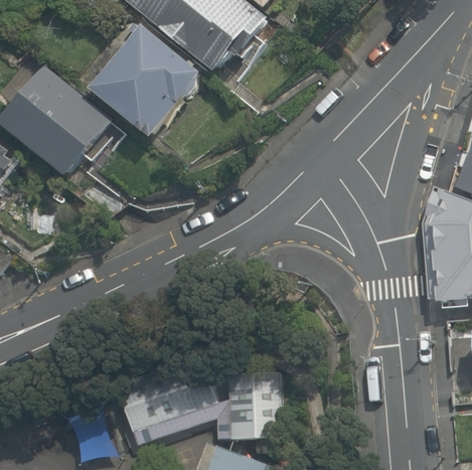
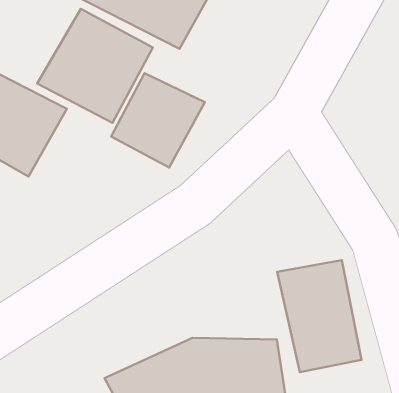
building: none -> [111,73,205,168]
building: none -> [277,260,362,372]

